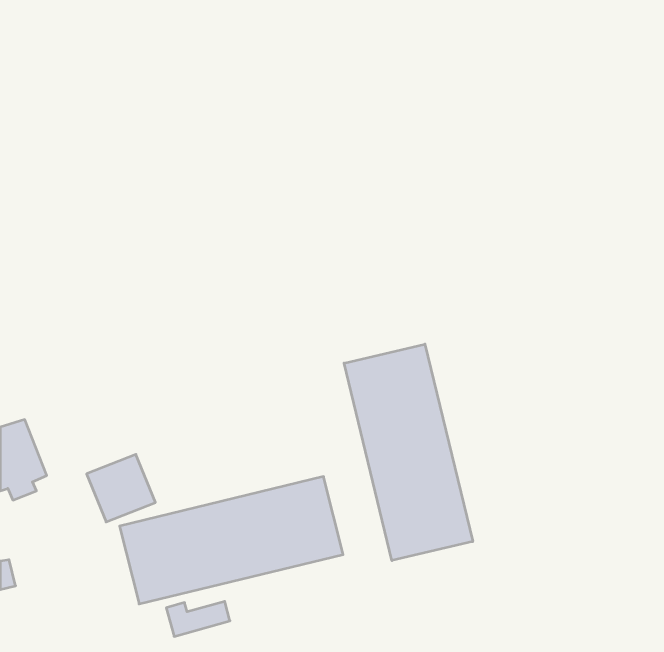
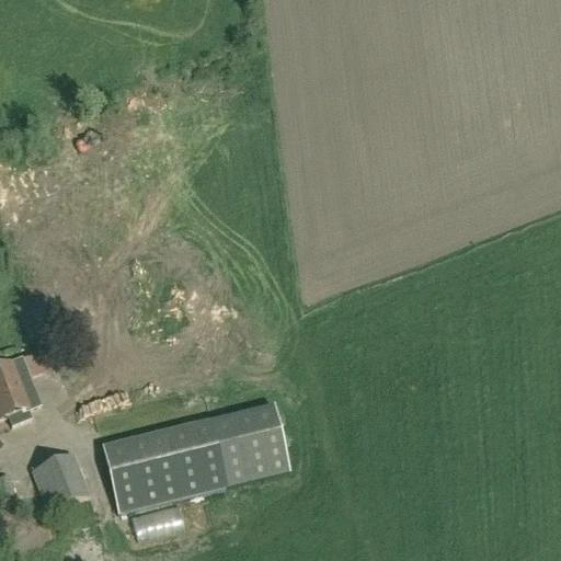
building: [344,344,473,561] -> none
building: [87,454,155,522] -> [31,451,89,508]

